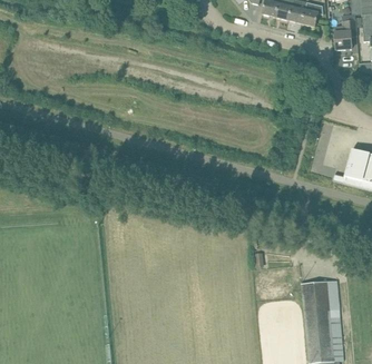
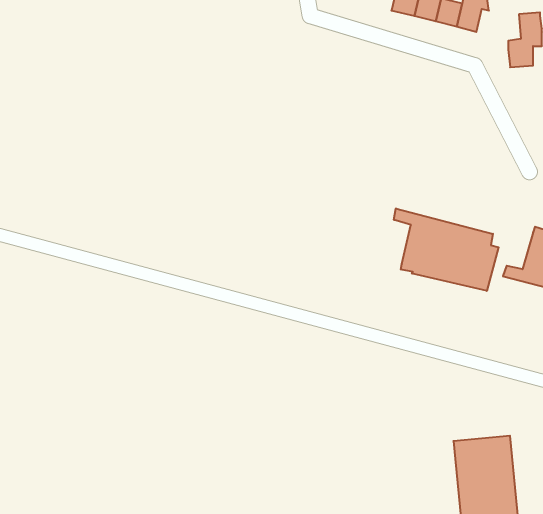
building: none -> [394,208,499,291]

